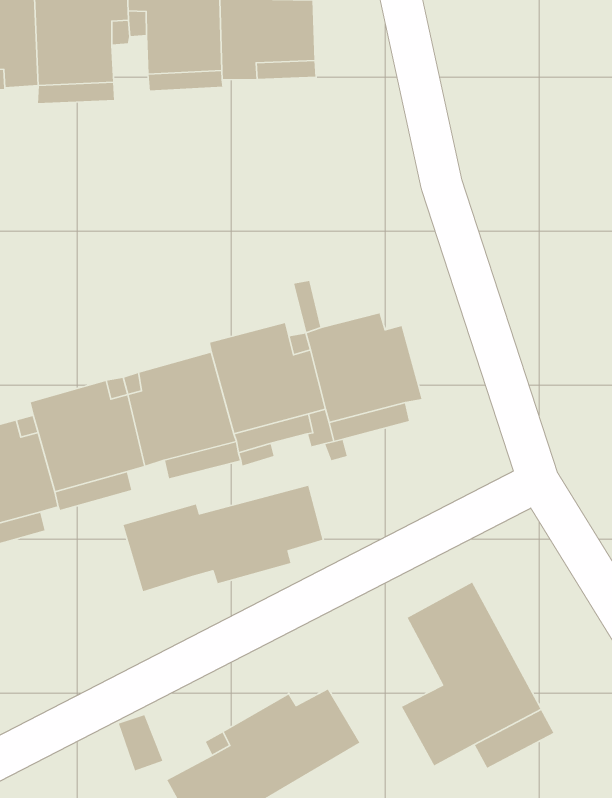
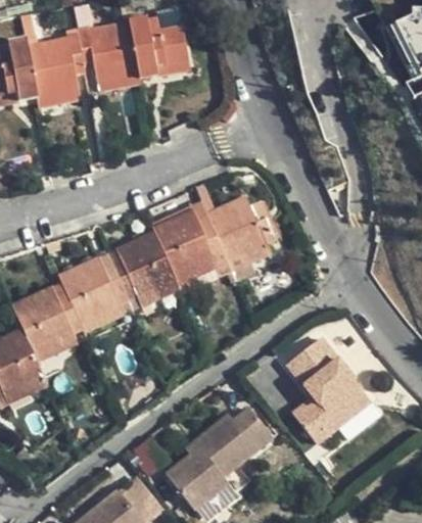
building: [122,485,323,592] -> none

